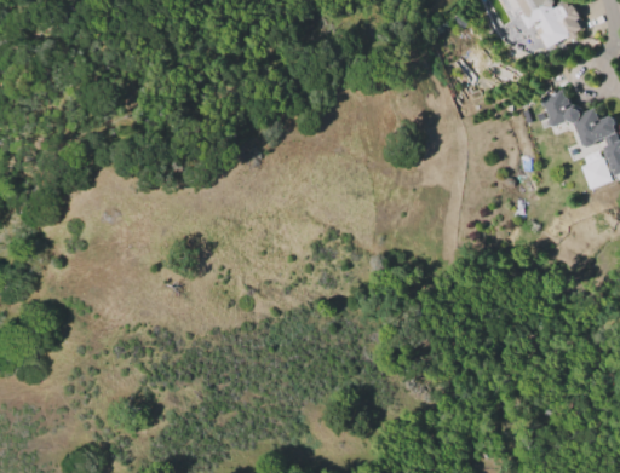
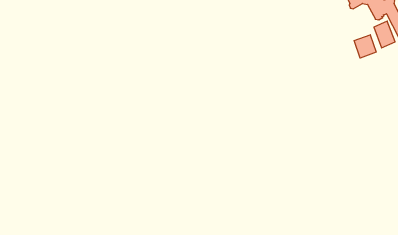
building: none -> [354,35,376,58]

